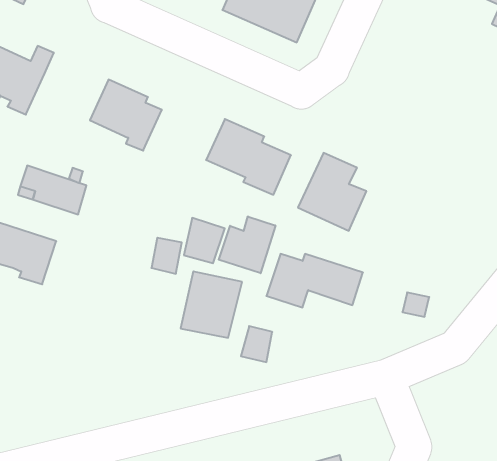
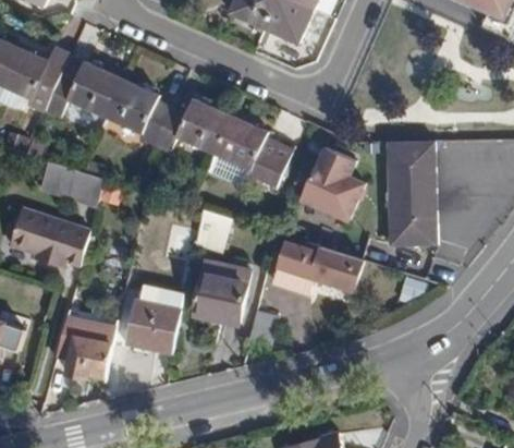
building: none -> [45,61,122,118]
building: none -> [155,98,231,154]
building: none -> [387,142,437,245]
building: [219,216,275,273] -> none
building: none -> [123,298,179,353]
building: none -> [52,310,115,378]

